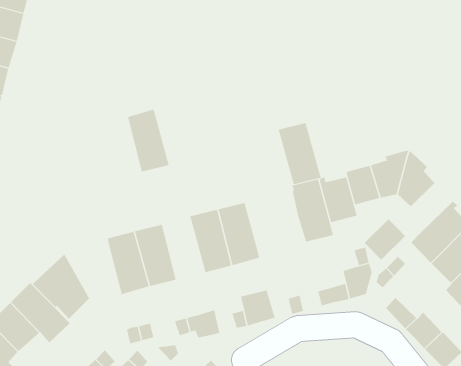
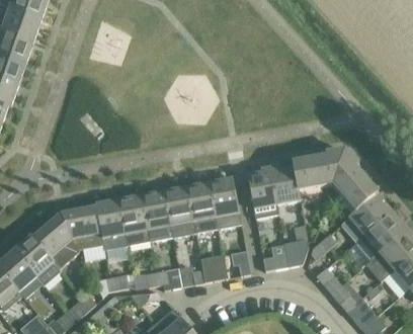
building: [127,109,169,172] -> [142,190,173,241]
building: [278,122,321,185] -> [210,178,242,228]
building: [364,219,406,260] -> [343,177,378,211]
building: none -> [61,206,103,249]

